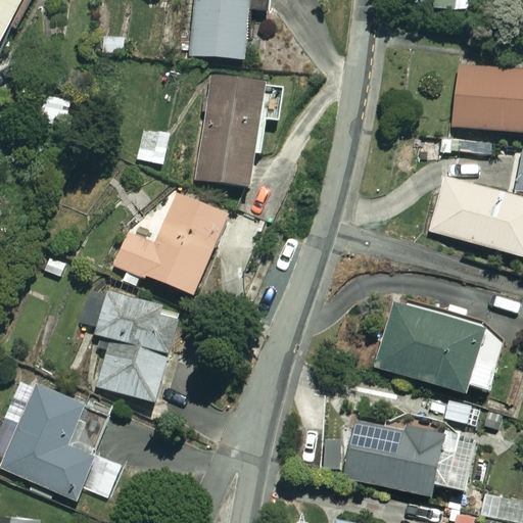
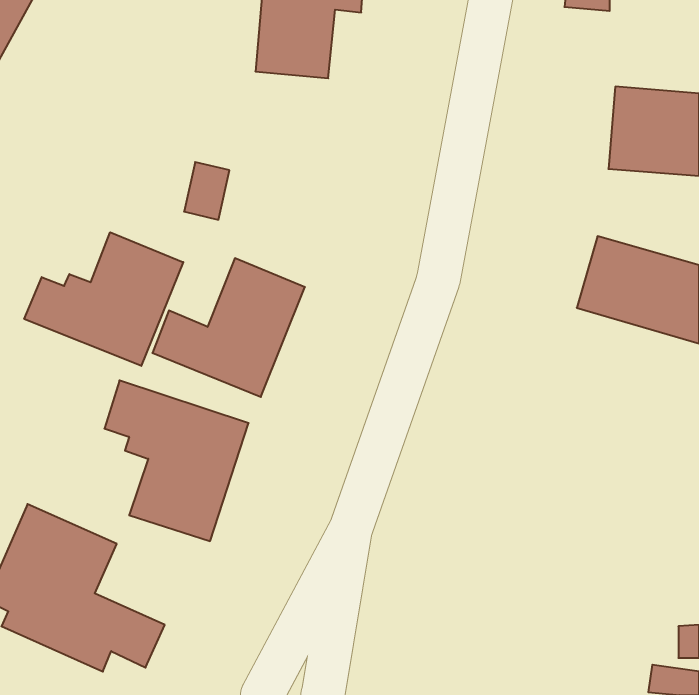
building: [195,75,264,186] -> none
building: none -> [24,232,183,366]
building: [375,301,504,393] -> none
building: [342,420,474,495] -> none

